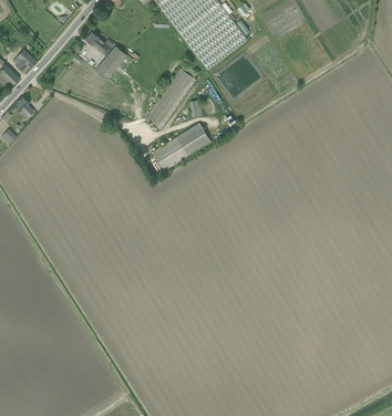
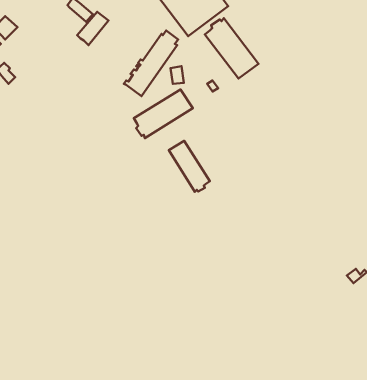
building: none -> [205,18,258,78]
building: none -> [169,141,210,192]

